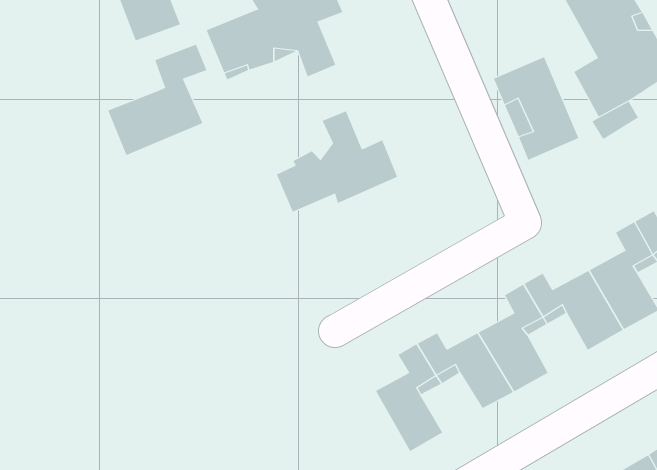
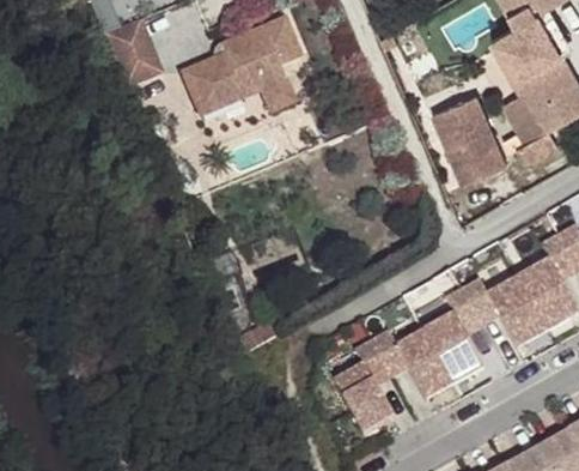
building: [107,44,207,156] -> none
building: [276,110,398,213] -> none

